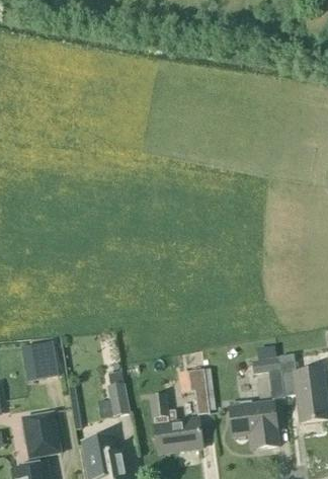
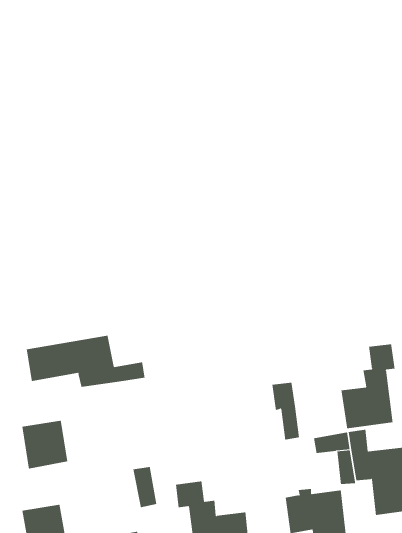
building: none -> [26,335,145,388]
building: none -> [341,344,395,429]
building: [187,368,210,413] -> [271,382,300,440]

